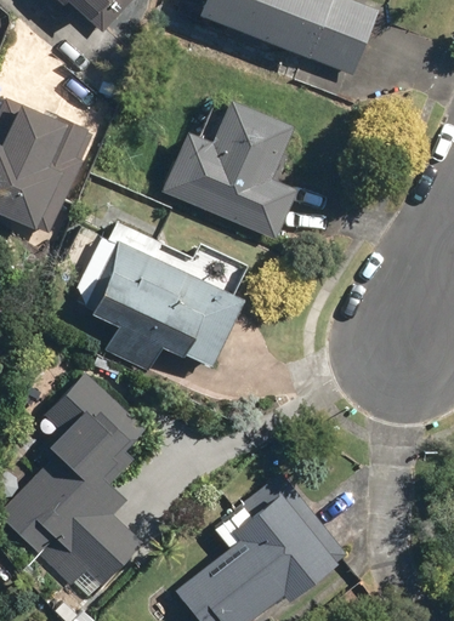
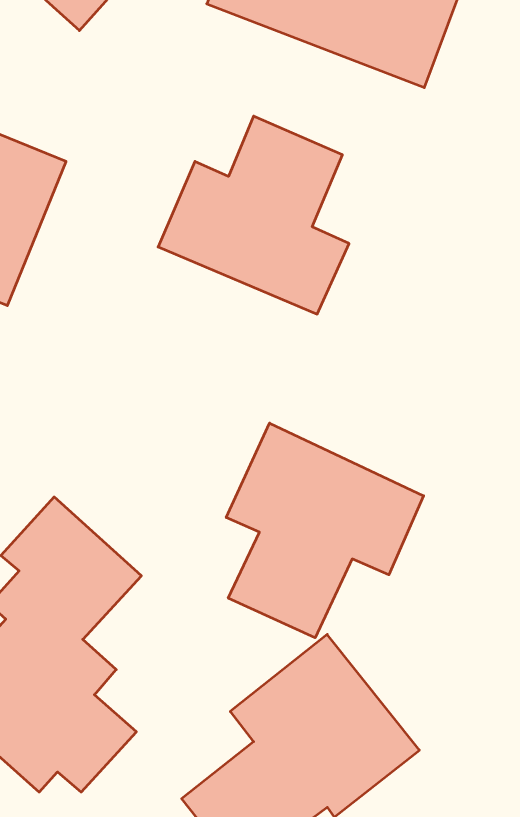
building: [81,220,244,371] -> none
building: none -> [226,423,424,638]

